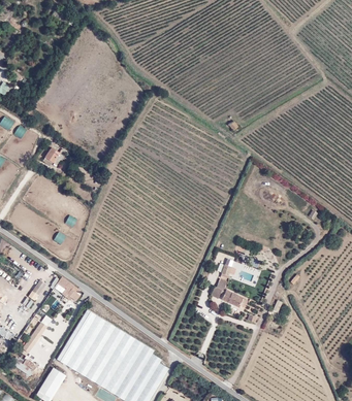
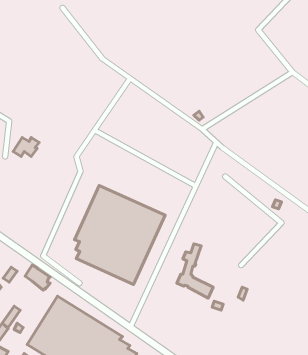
building: none -> [74,186,165,285]

